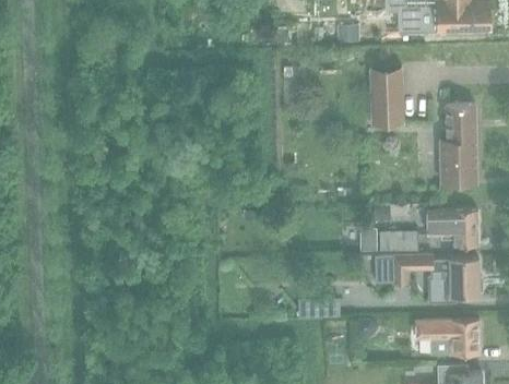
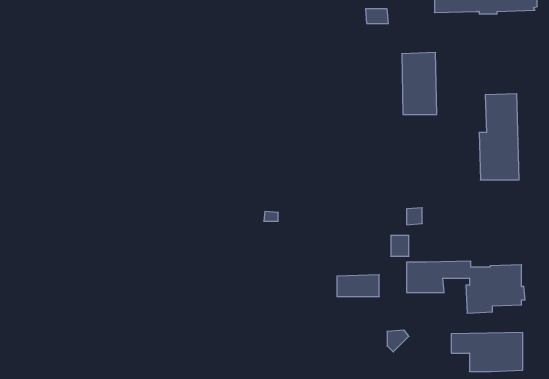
building: [426,209,478,247] -> none
building: [379,231,417,251] -> [337,275,379,297]

